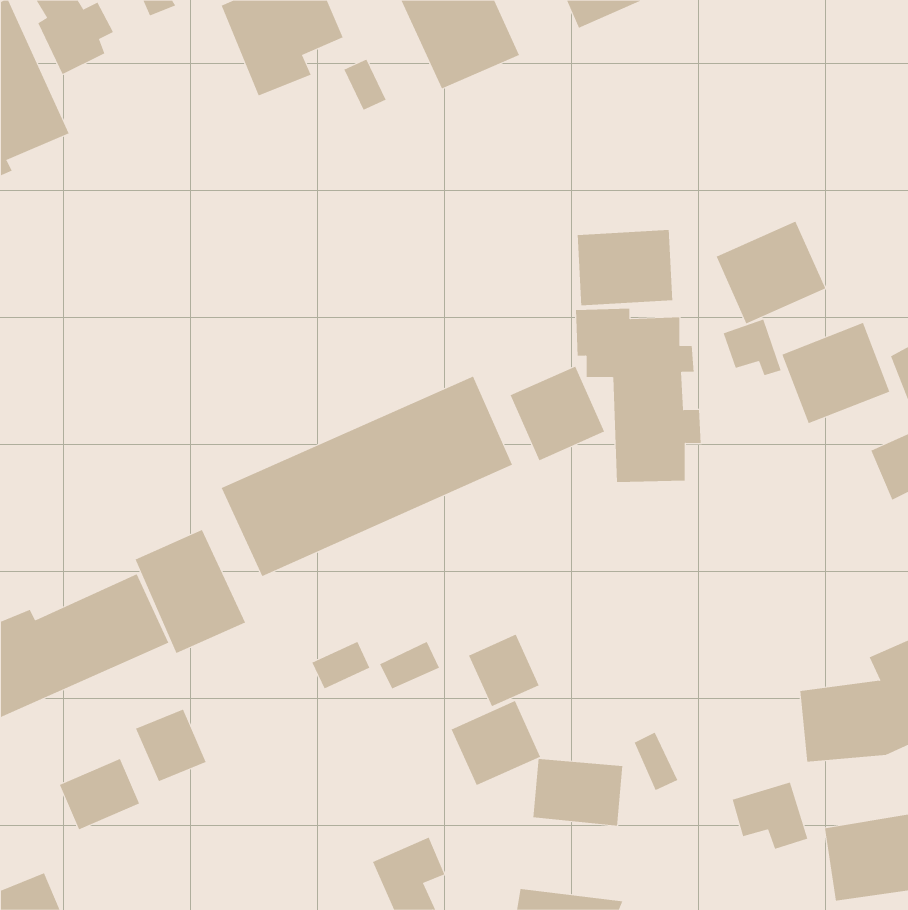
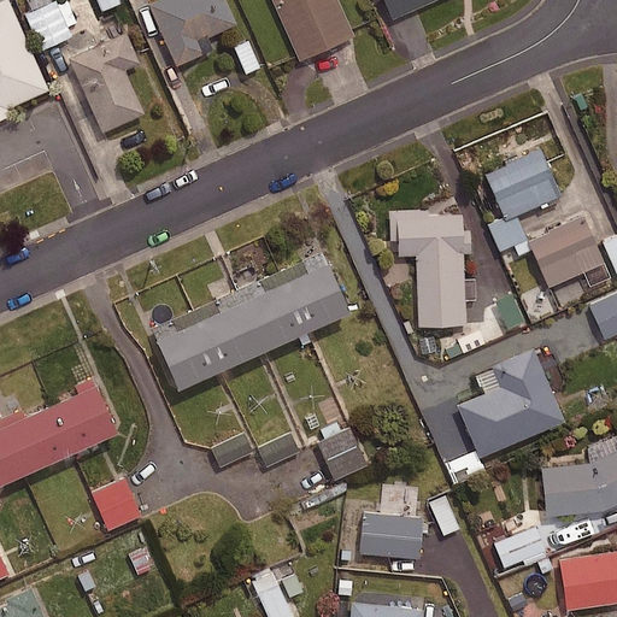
building: none -> [69,34,143,133]
building: [577,229,673,306] -> none
building: [510,366,605,461] -> none
building: none -> [458,352,563,457]
building: [135,529,246,654] -> none
building: [451,700,541,786] -> none
building: [59,758,140,830] -> none

